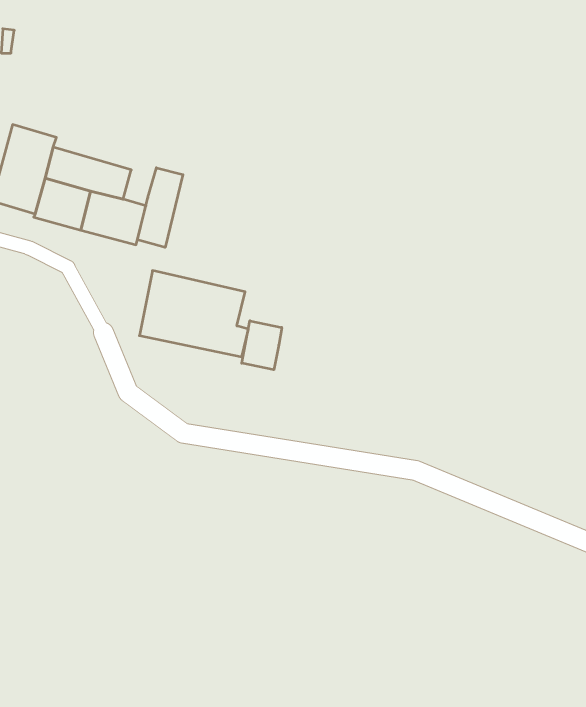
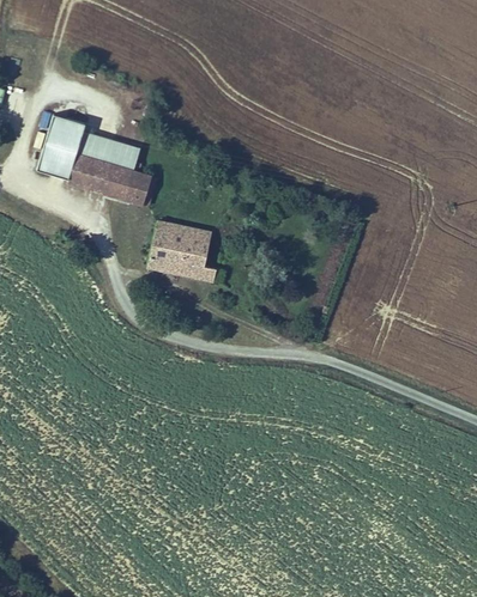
building: [137,168,183,247] -> none
building: [242,321,282,370] -> none

